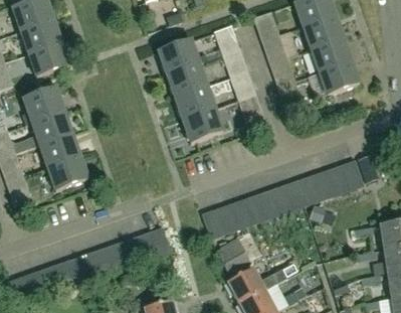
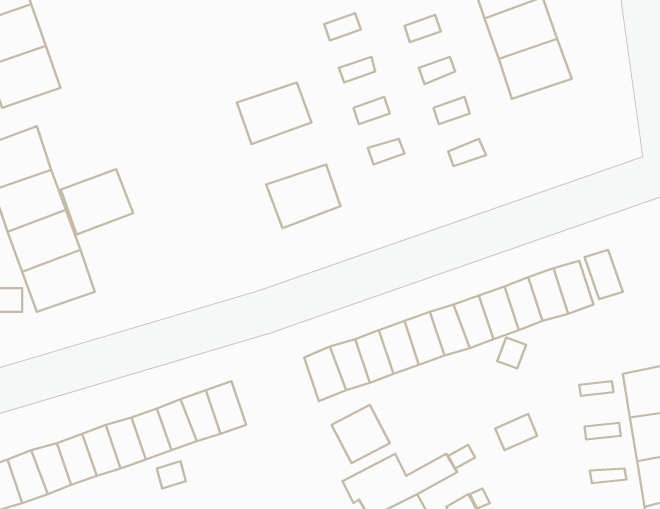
building: [158,37,199,72] -> none
building: [318,59,359,95] -> none
building: [174,84,215,118] -> none
building: none -> [61,169,133,235]

